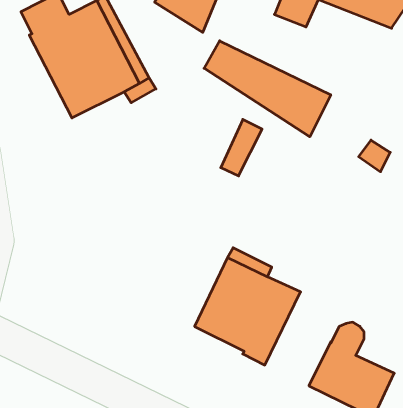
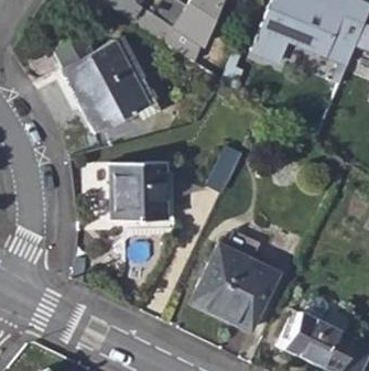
building: [204,41,331,137] -> none
building: none -> [110,161,169,220]

